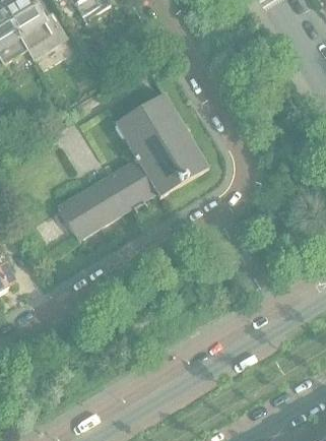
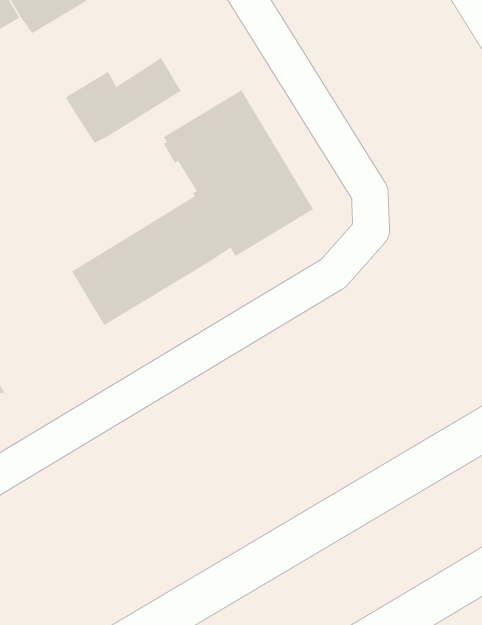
building: none -> [65,57,181,144]

